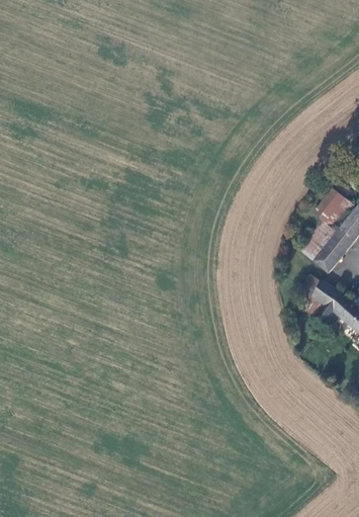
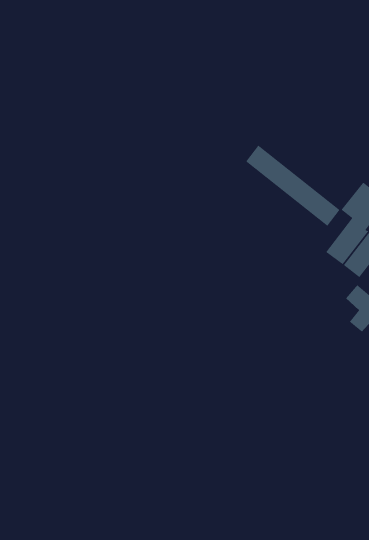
building: none -> [245,145,341,227]

